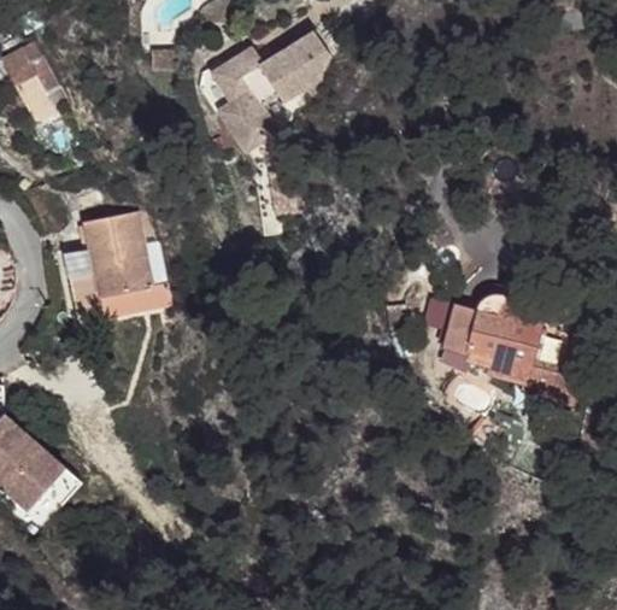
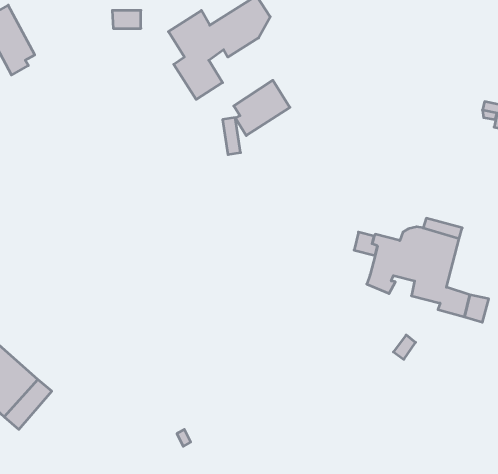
building: none -> [234,80,290,136]
building: [64,210,171,321] -> none

